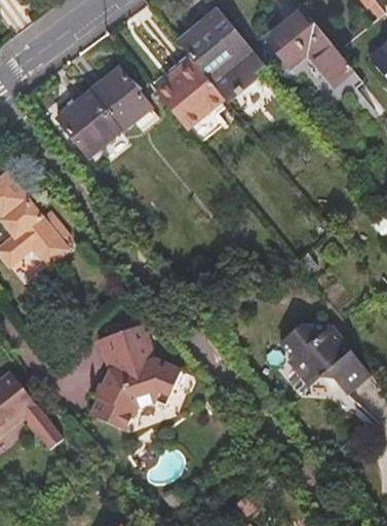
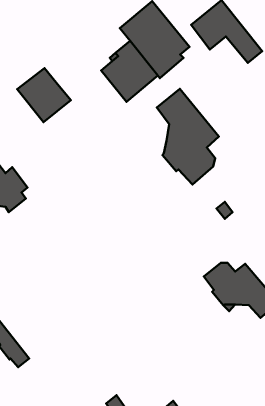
building: [87,66,154,128] -> none
building: none -> [157,89,219,184]
building: [87,323,182,429] -> none

